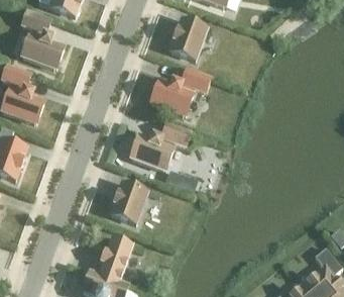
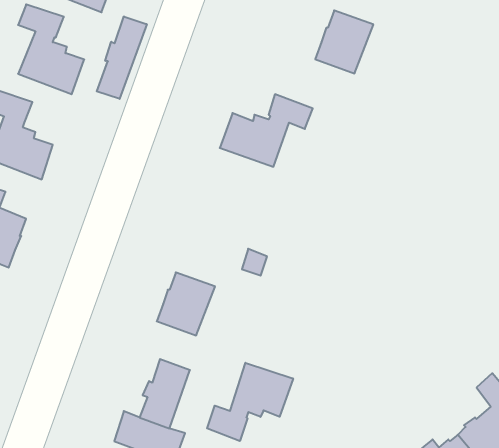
building: none -> [97,16,147,99]
building: [169,18,207,59] -> [315,10,373,73]
building: [131,123,190,169] -> none
building: none -> [207,363,293,441]

